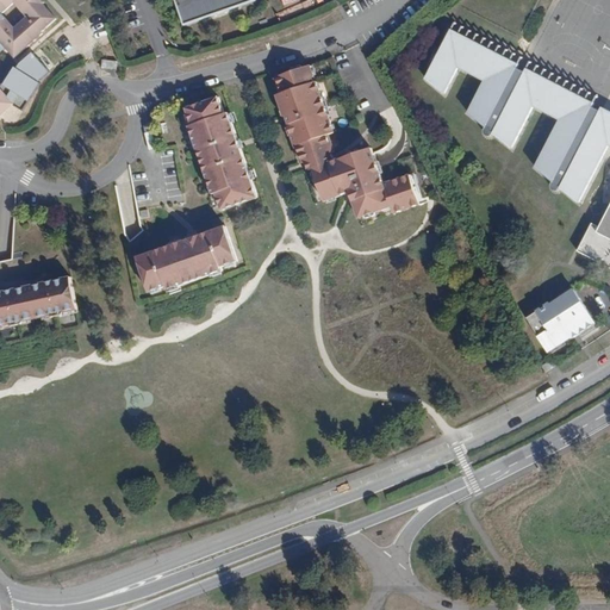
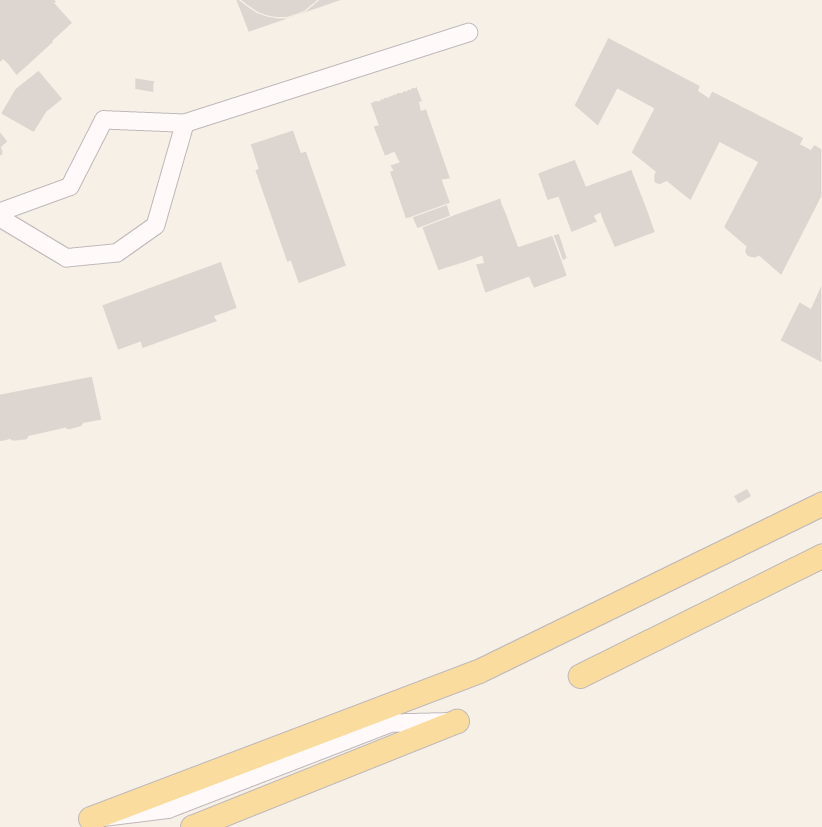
building: none -> [537,159,655,248]
building: [135,224,235,290] -> [101,261,238,350]
building: [523,288,591,351] -> none

